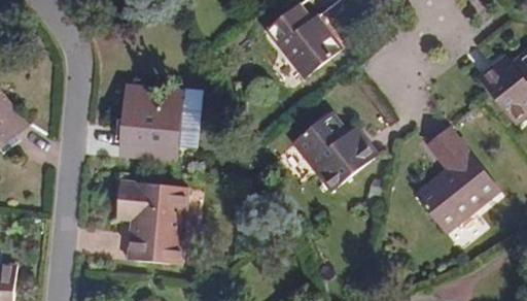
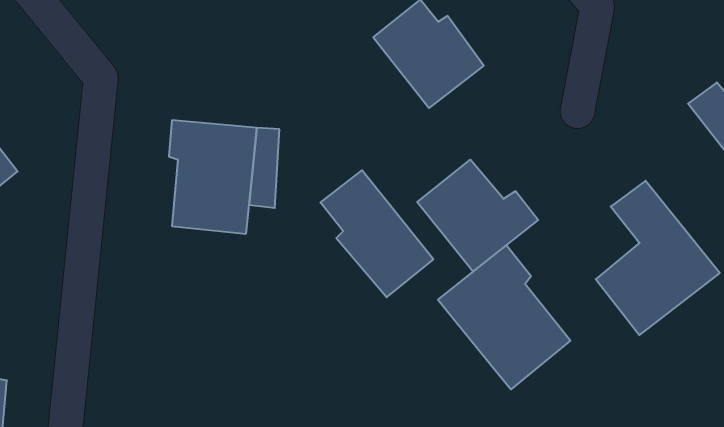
building: none -> [320,170,433,297]
building: none -> [438,245,570,389]
building: [116,180,187,264] -> none

